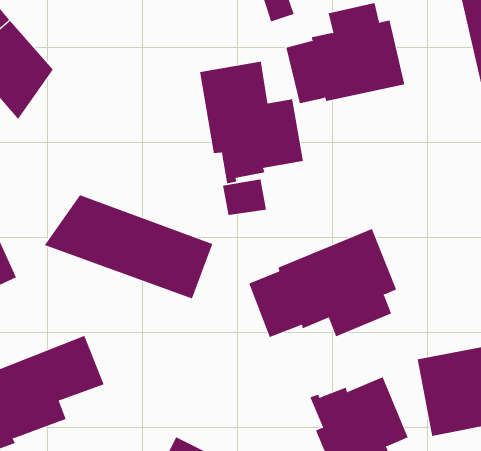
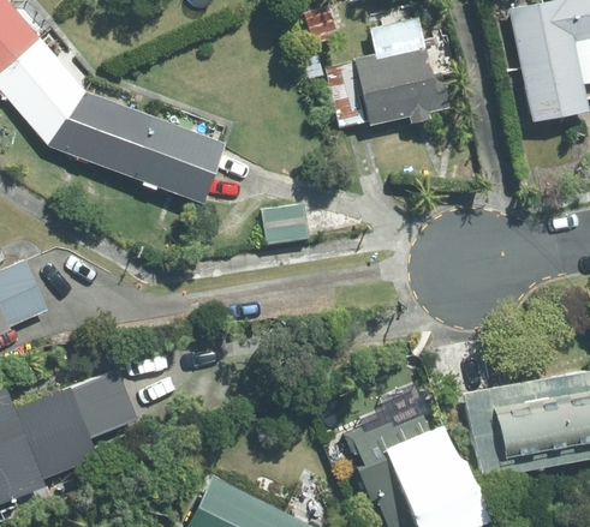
building: [199,61,304,184] -> none
building: [44,194,213,299] -> [48,91,225,200]
building: [249,228,397,338] -> none

